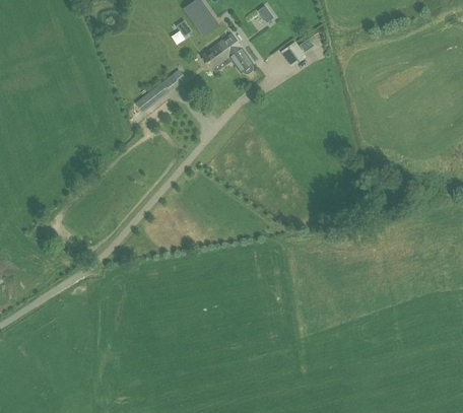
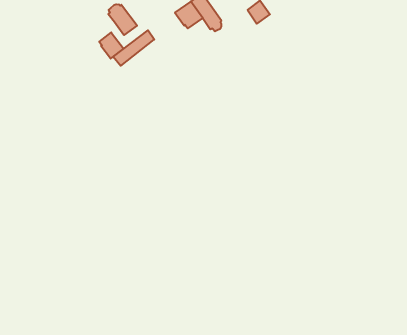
building: none -> [108,4,137,35]
building: none -> [99,32,123,59]

